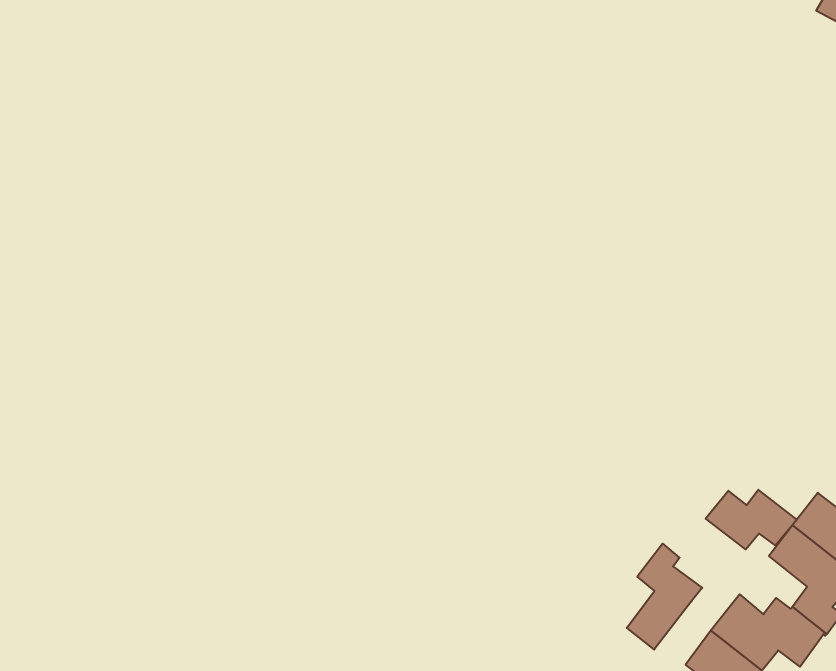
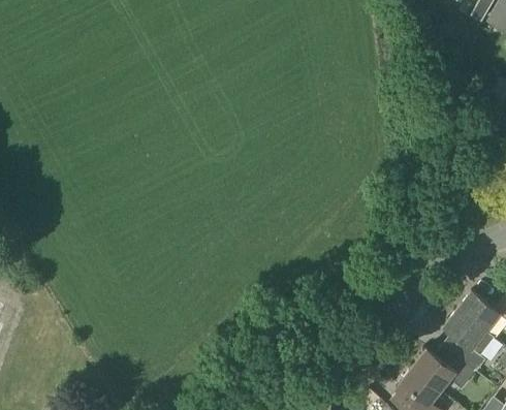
building: [706,490,797,549] -> none
building: [627,544,702,650] -> none

